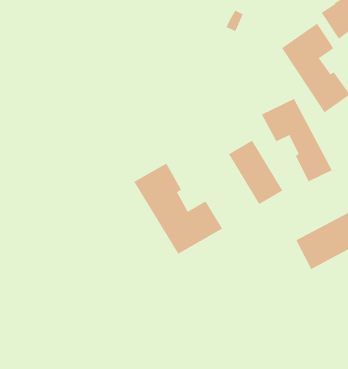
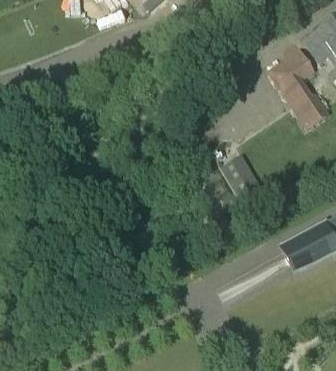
building: [261,98,332,182] -> none
building: [134,163,223,255] -> none

